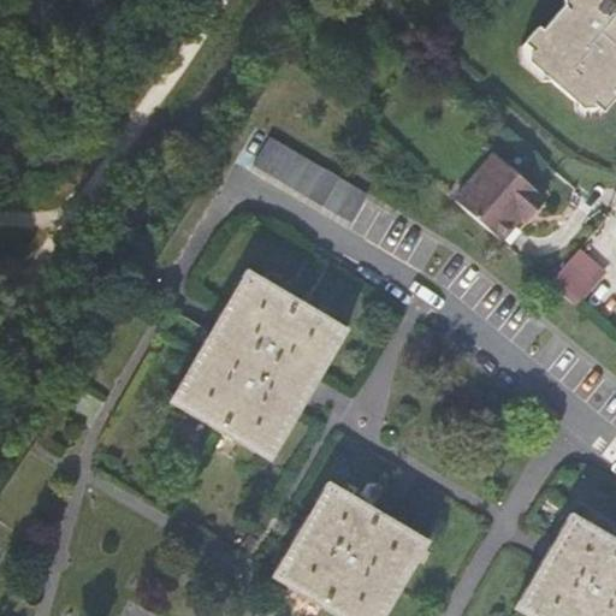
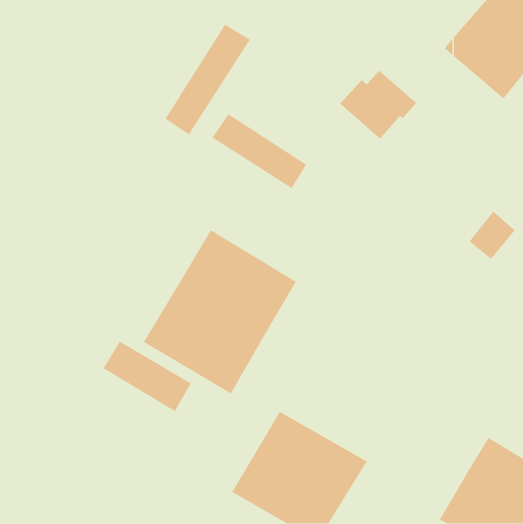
building: none -> [164,24,251,135]
building: [454,158,545,239] -> [339,70,417,140]
building: none -> [102,341,192,412]

